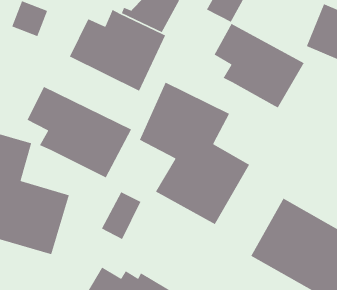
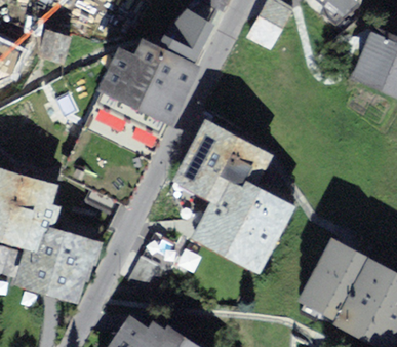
building: [214,23,305,109] -> none
building: [26,86,132,179] -> none

